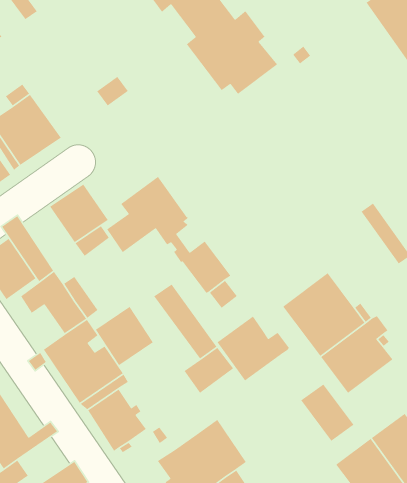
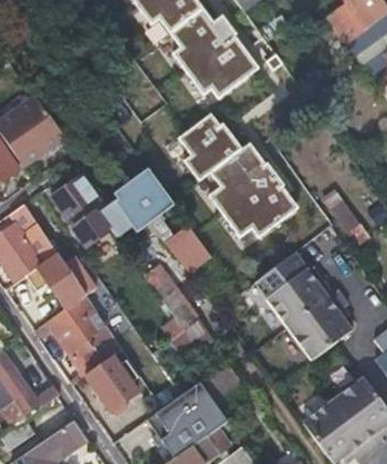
building: none -> [178,115,296,238]
building: [95,306,154,366] -> none
building: [216,316,290,382] -> none
building: [300,383,355,442] -> none

